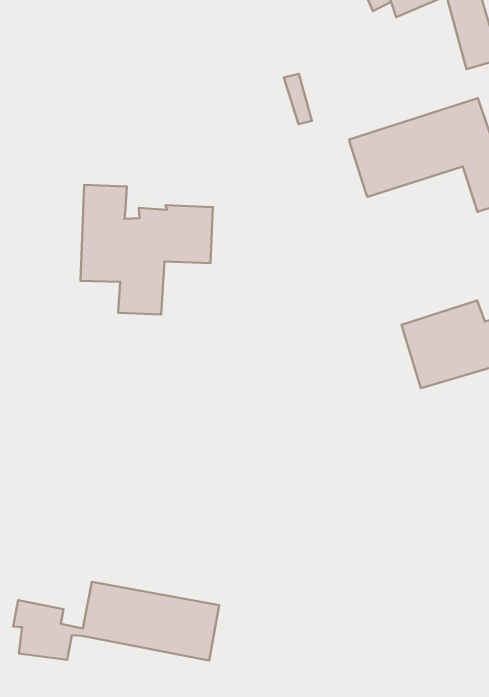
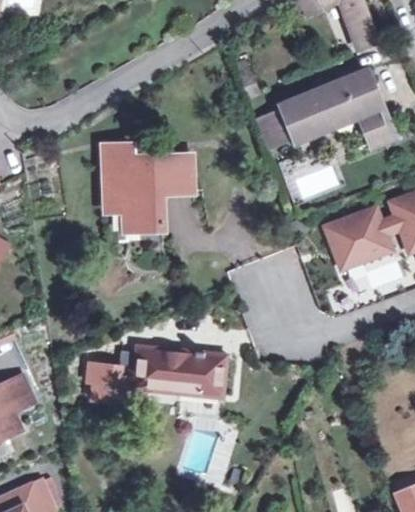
building: none -> [255,105,295,149]
building: [13,582,219,661] -> [86,347,224,401]

